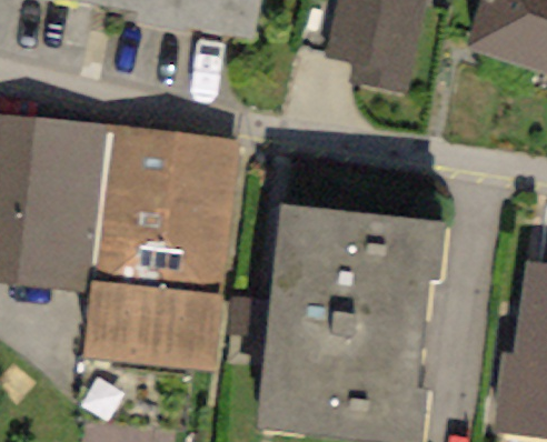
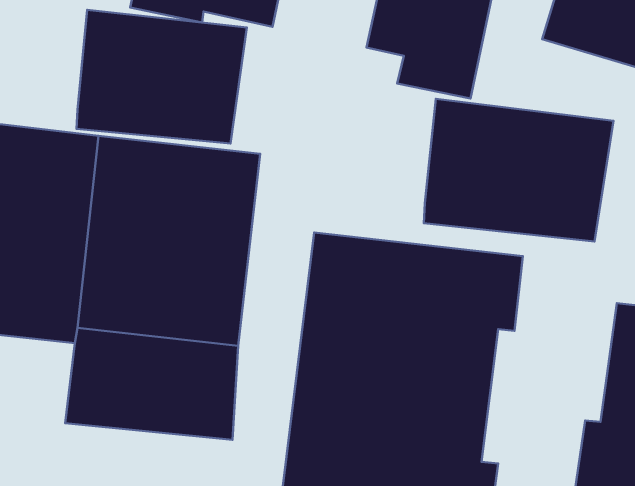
building: none -> [77,10,247,143]
building: none -> [424,99,613,241]

